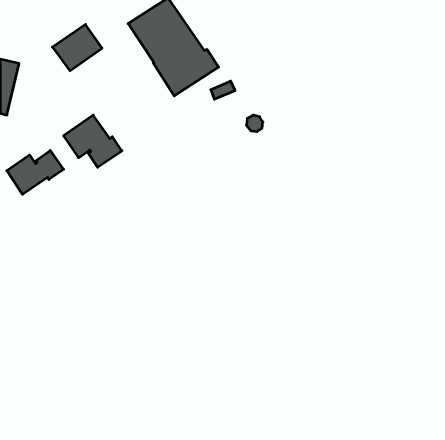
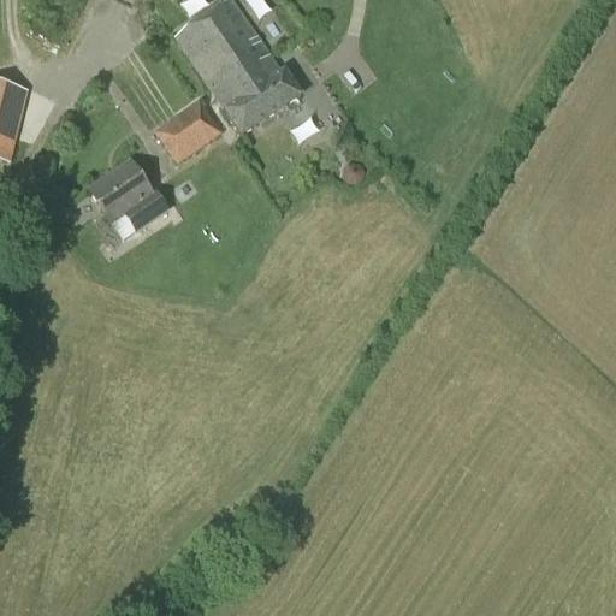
building: [52,24,102,71] -> [153,97,221,161]
building: [7,150,64,194] -> none

